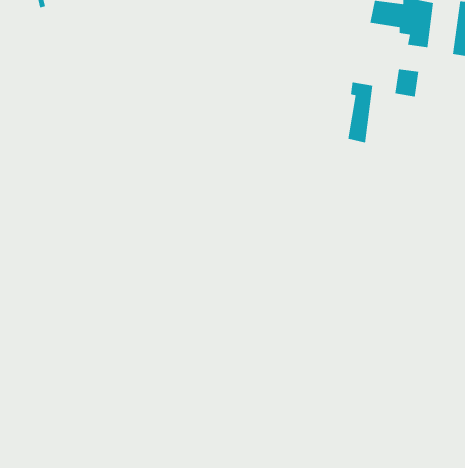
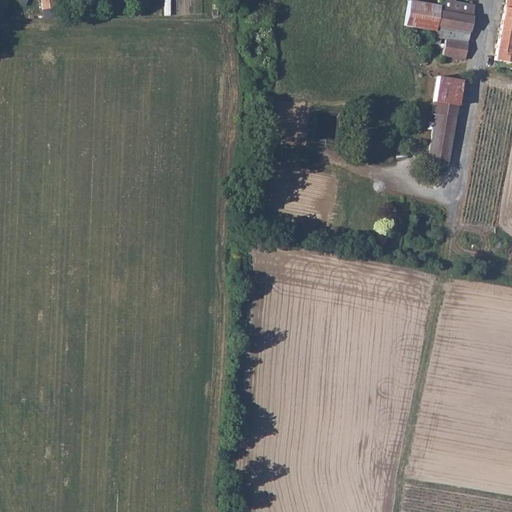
building: [347,82,373,143] -> [429,102,457,169]

